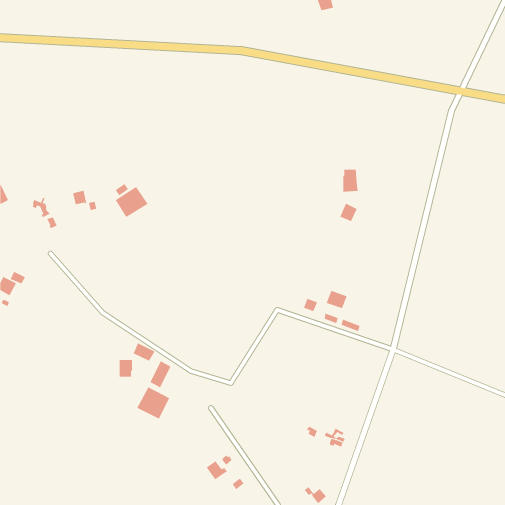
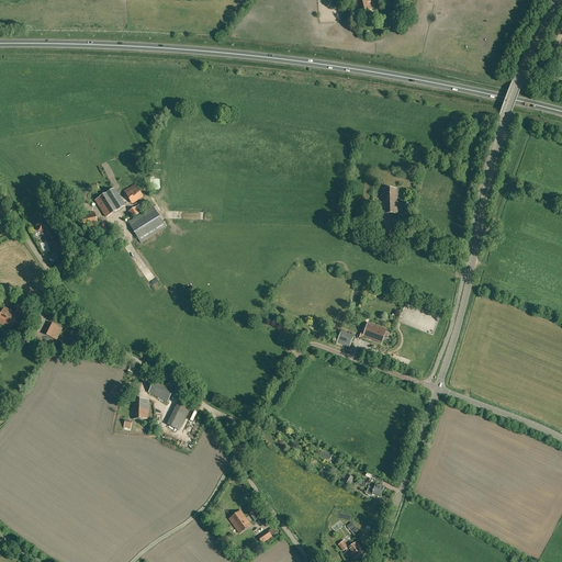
building: none -> [94,189,124,216]
building: [136,386,170,419] -> none

